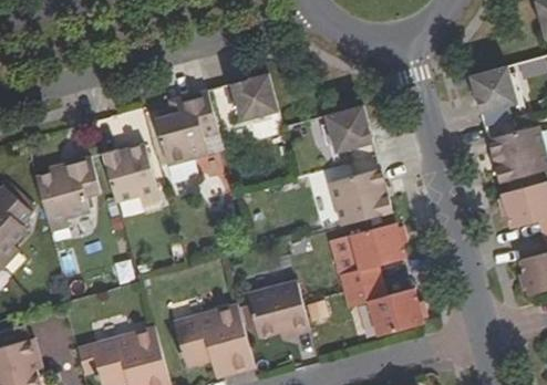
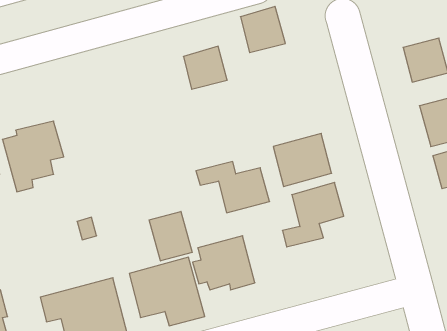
building: [155,91,218,183] -> none
building: [326,104,374,154] -> [240,6,285,53]
building: [101,143,159,205] -> none
building: none -> [149,211,192,261]
building: [343,281,423,336] -> [196,162,270,213]

